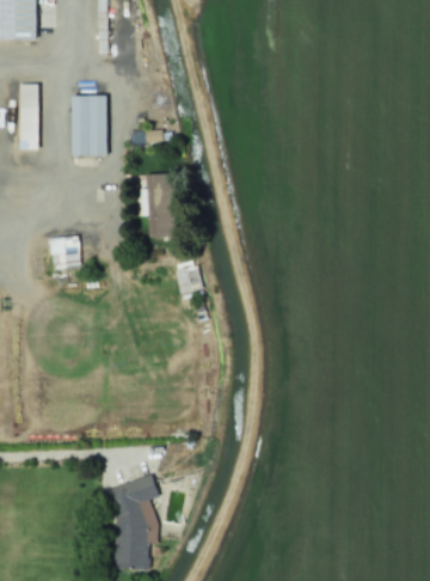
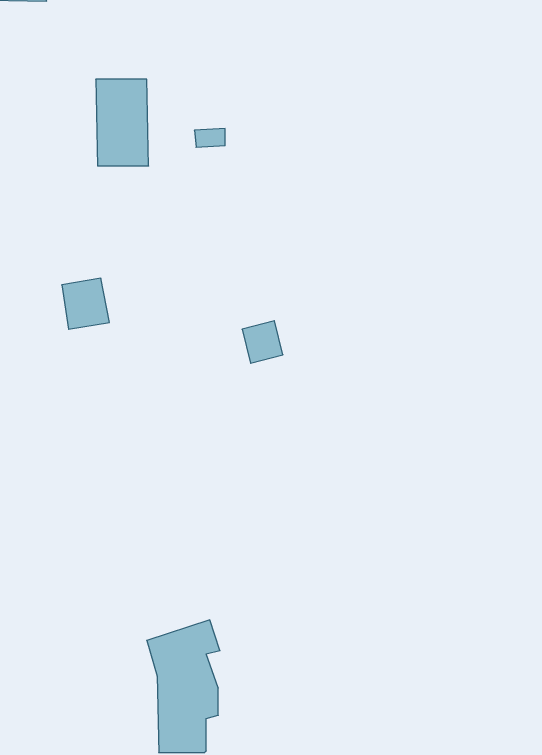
building: [19,82,39,149] -> none
building: [141,173,173,237] -> none

